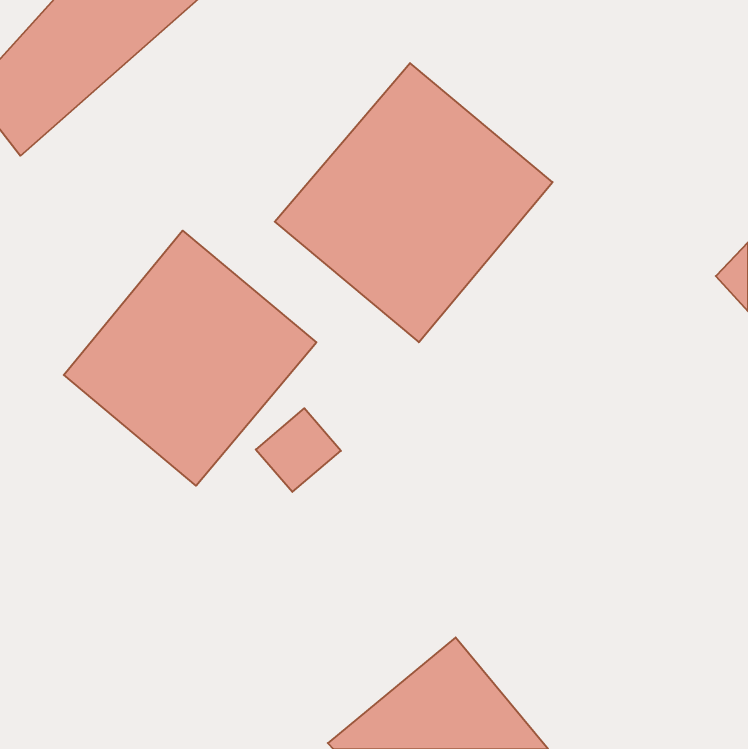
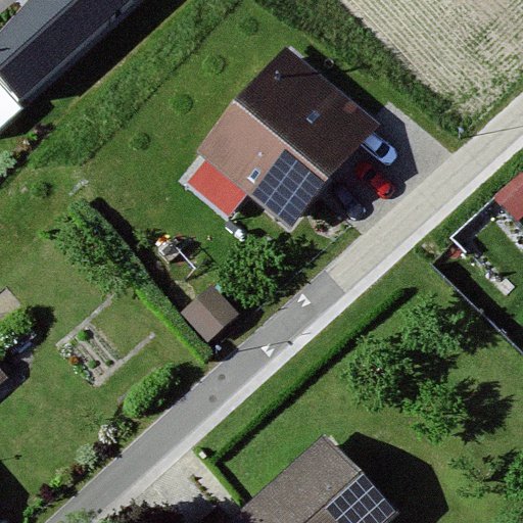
building: [64,231,316,486] -> none

